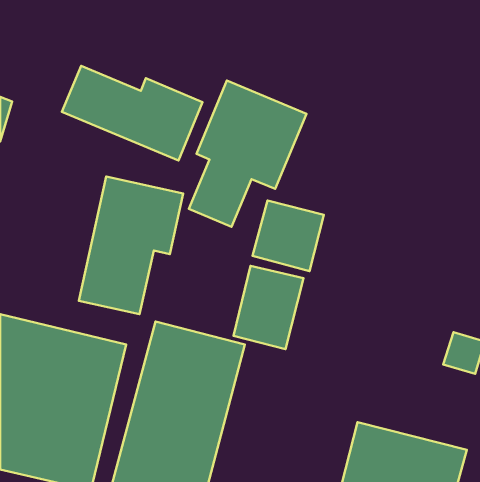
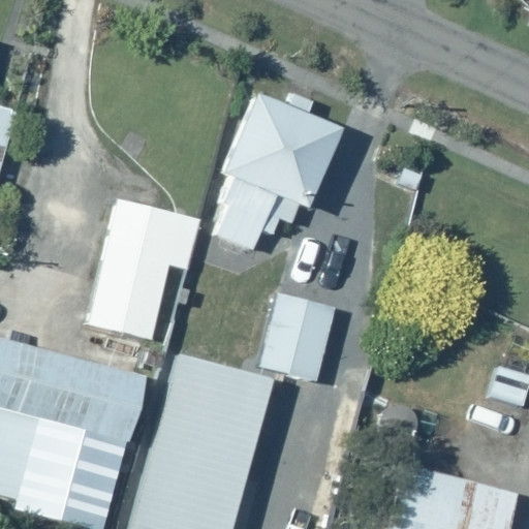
building: [62,66,203,161] -> none
building: [253,201,324,271] -> none

